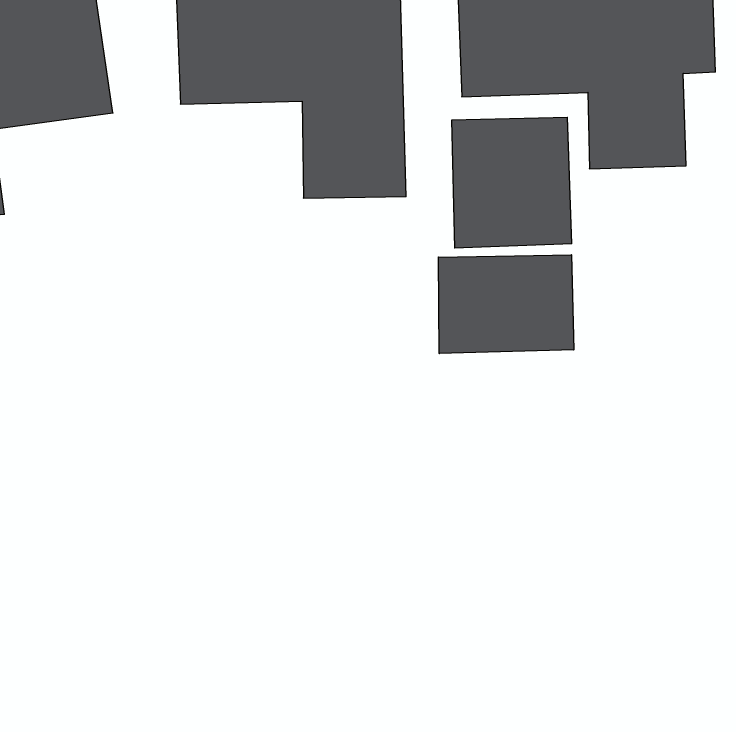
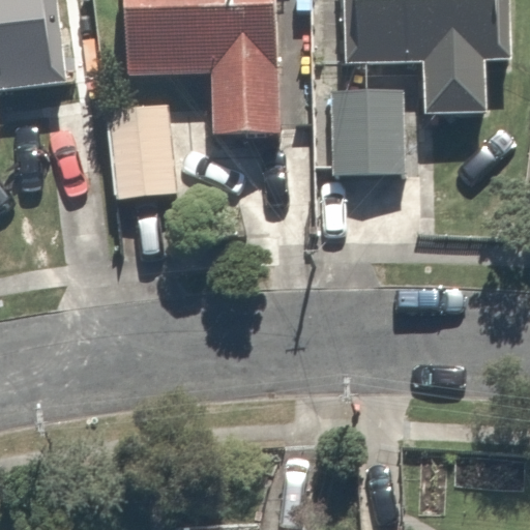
building: none -> [101,84,182,194]
building: [438,255,574,354] -> none

